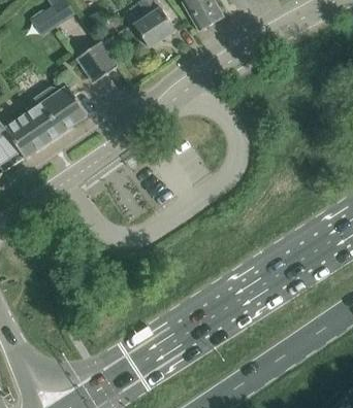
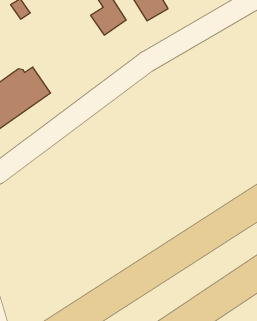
building: [77,44,116,83] -> none

